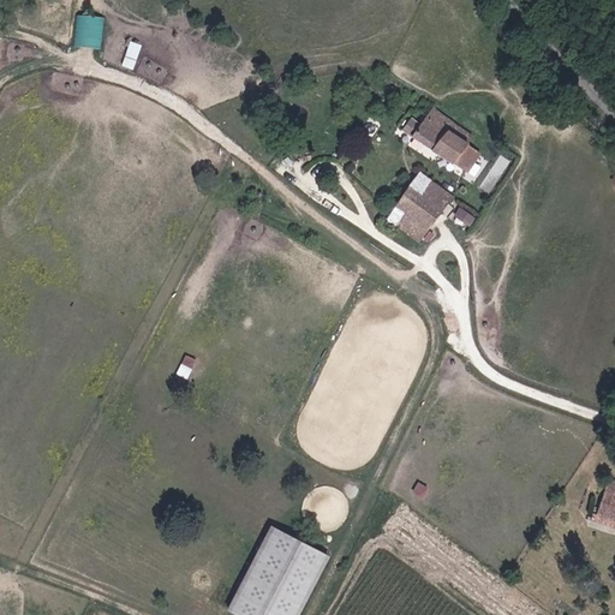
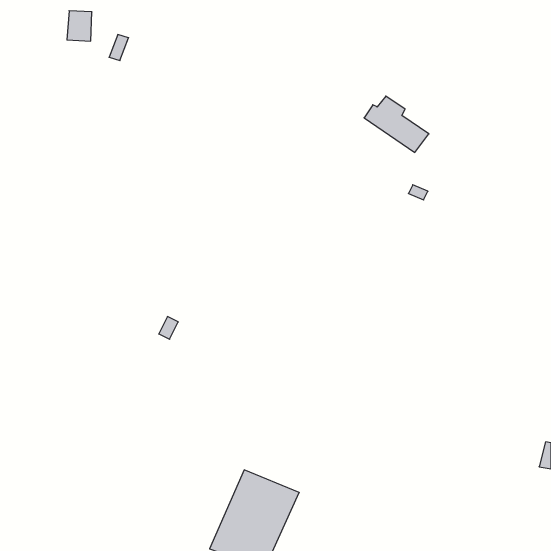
building: [378,173,448,247] -> none

